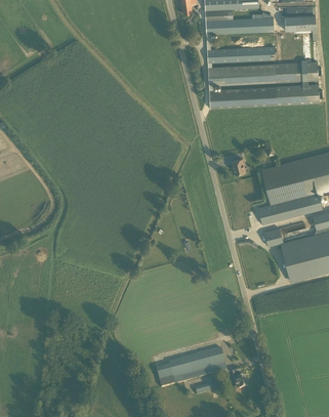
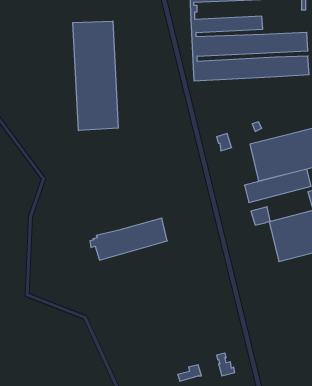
building: none -> [73,21,118,131]
building: [152,347,225,387] -> [90,218,167,260]

